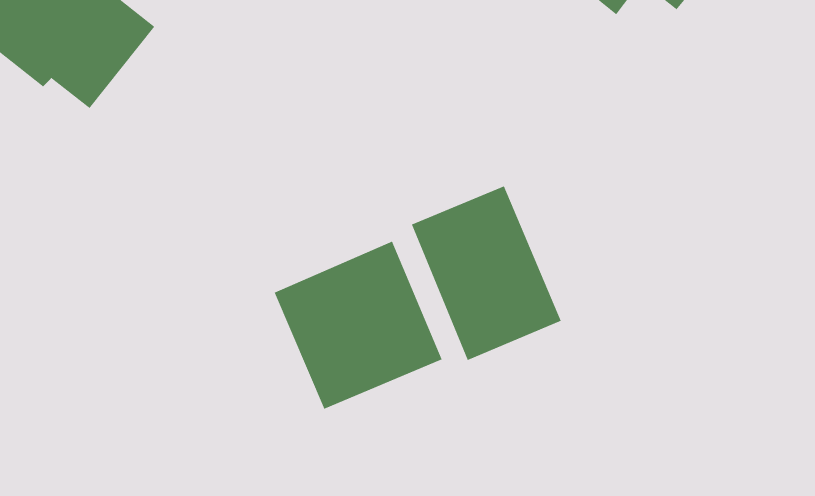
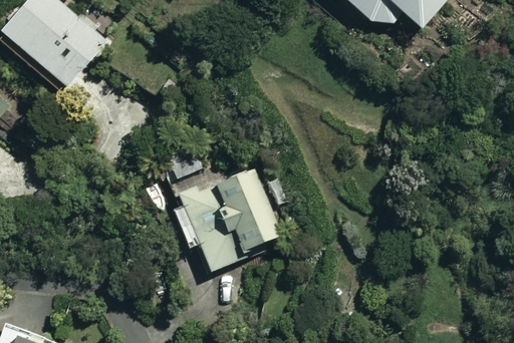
building: [411,186,561,361] -> none

